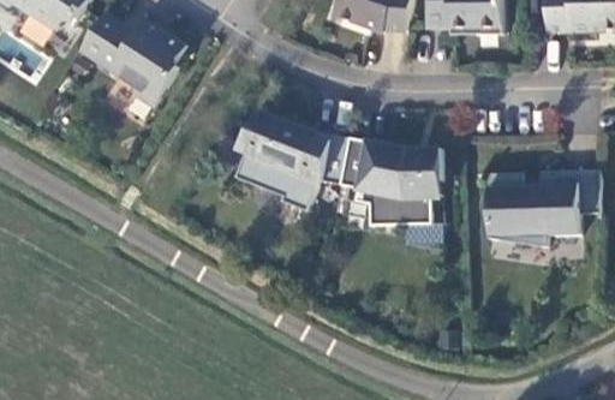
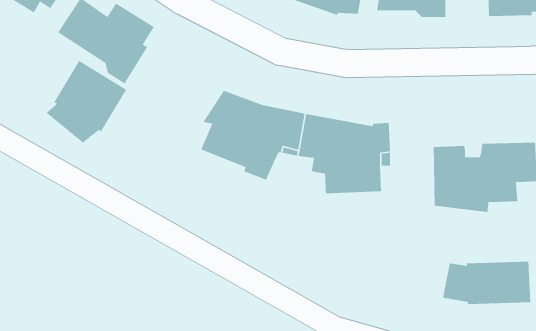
building: none -> [46,60,127,144]
building: none -> [442,261,531,305]

